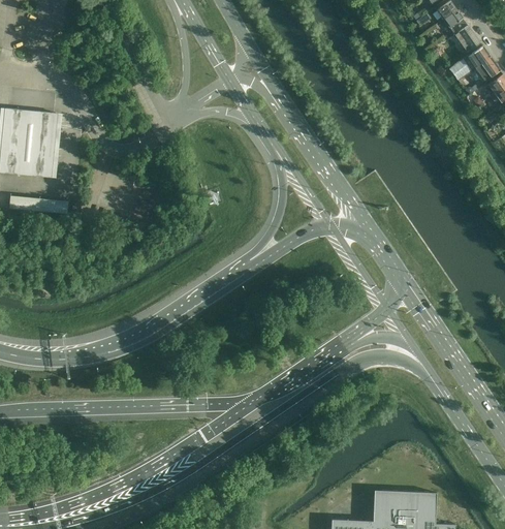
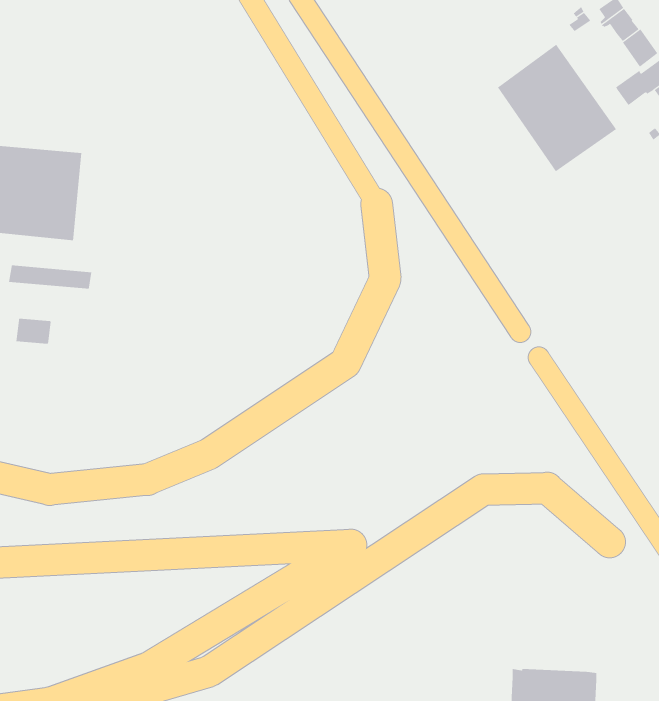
building: none -> [497,44,617,172]
building: none -> [16,318,51,344]

